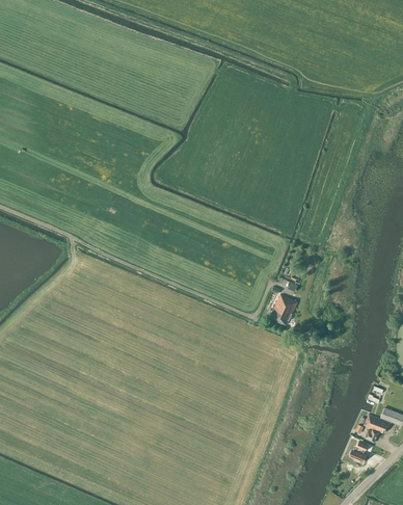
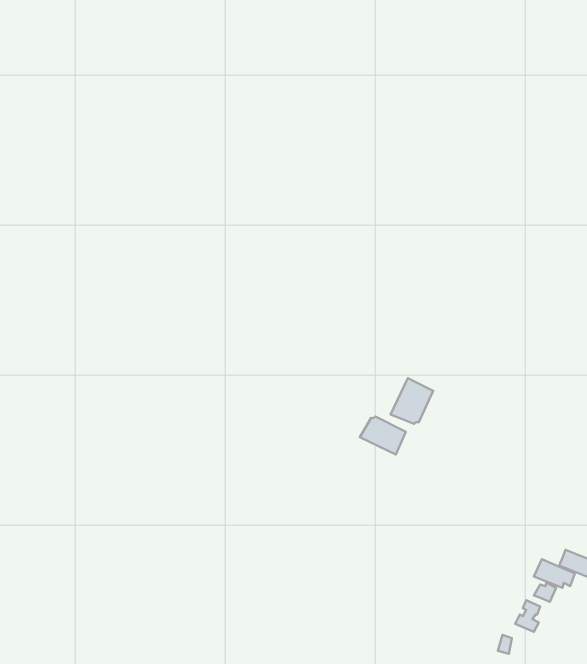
building: none -> [360,416,406,454]

